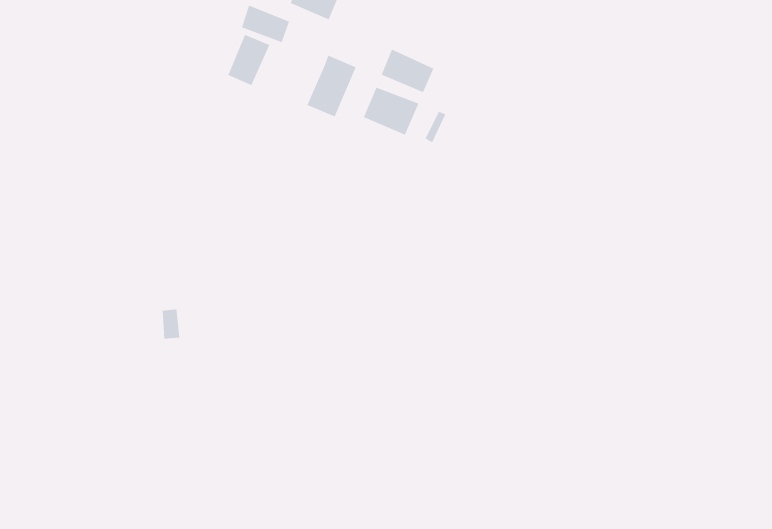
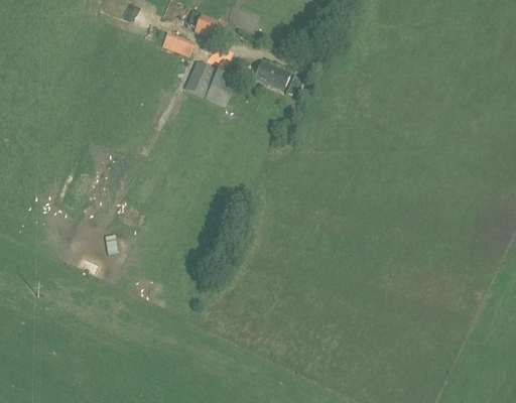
building: [228,34,270,86] -> [185,61,214,96]
building: [363,87,419,135] -> none

